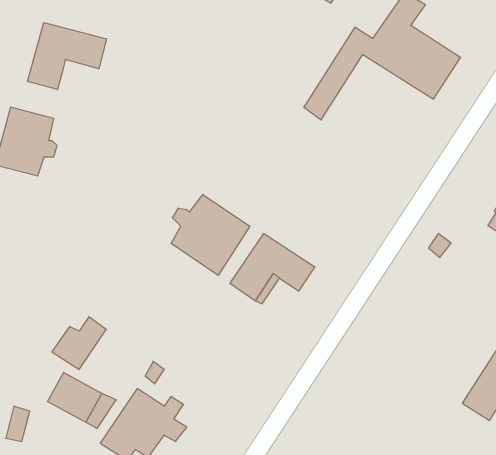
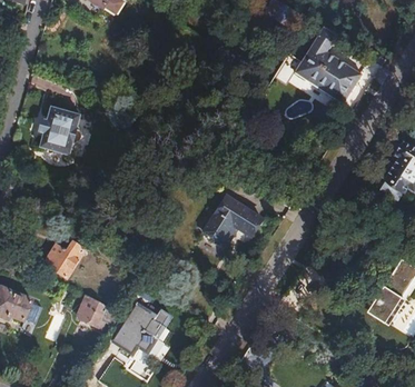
building: [28,23,106,90] -> none
building: [171,194,250,275] -> none
building: [52,317,106,370] -> [47,240,85,277]

